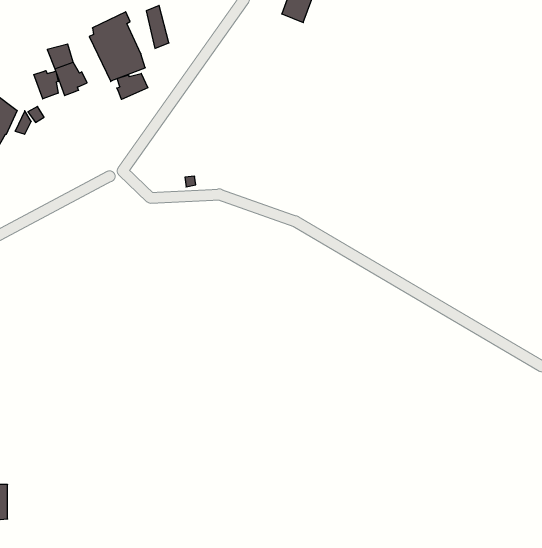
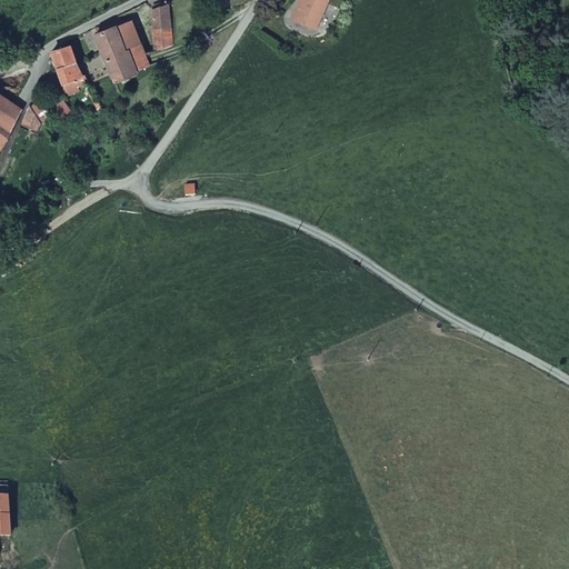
building: [34,71,58,99] -> none
building: [117,73,148,99] -> none

